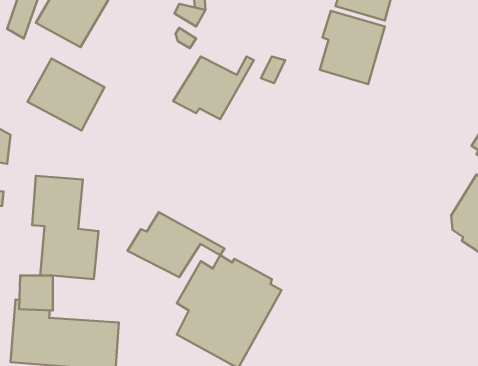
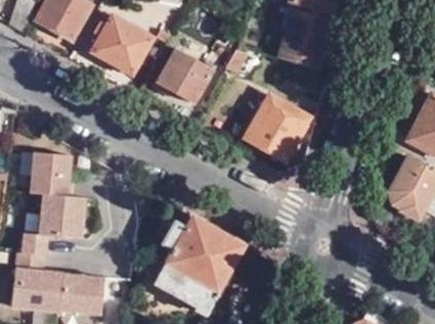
building: [27,58,104,131] -> [85,13,150,75]
building: none -> [246,96,310,161]
building: [128,212,224,277] -> none

